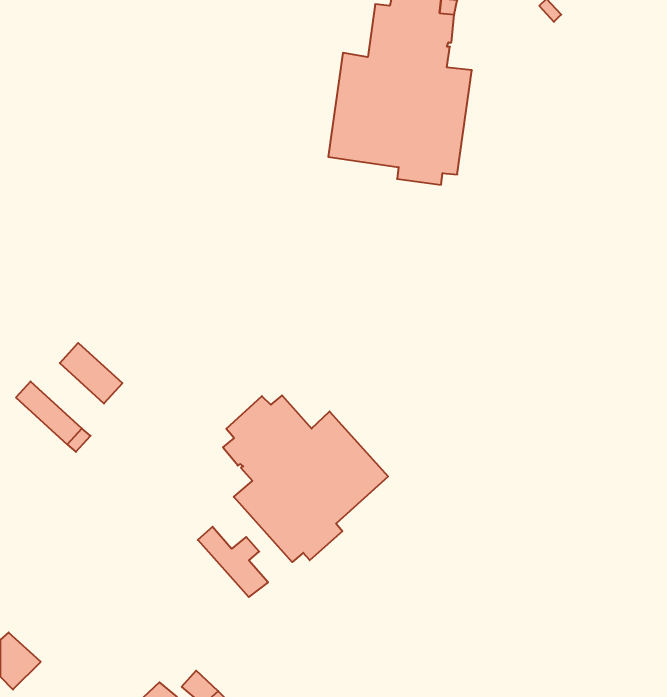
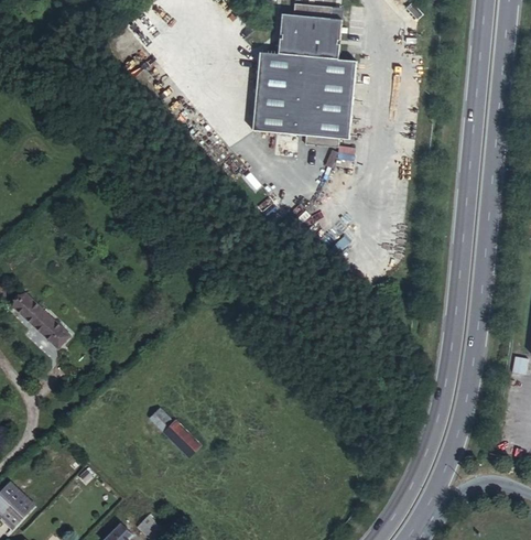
building: [60,343,122,404] -> none
building: [223,395,388,562] -> none

